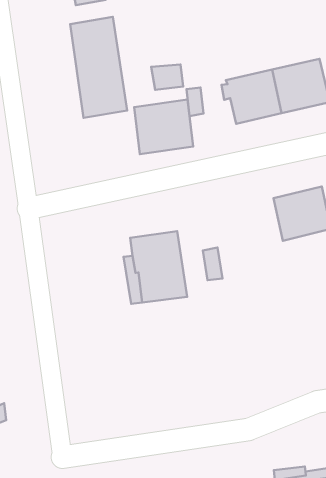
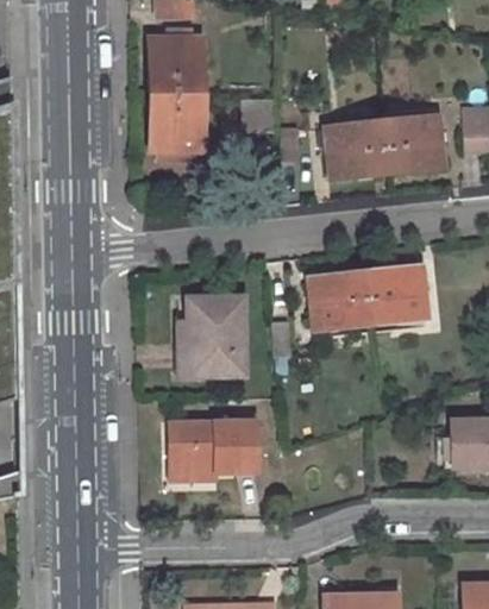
building: [134,99,193,154] -> none
building: none -> [308,271,366,328]
building: none -> [170,425,257,475]

